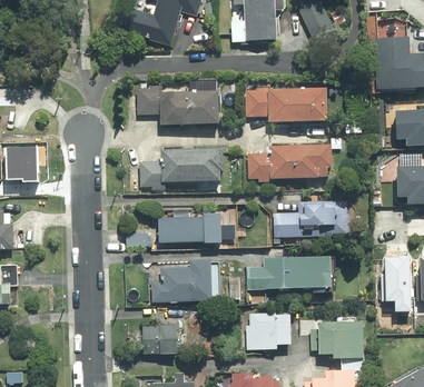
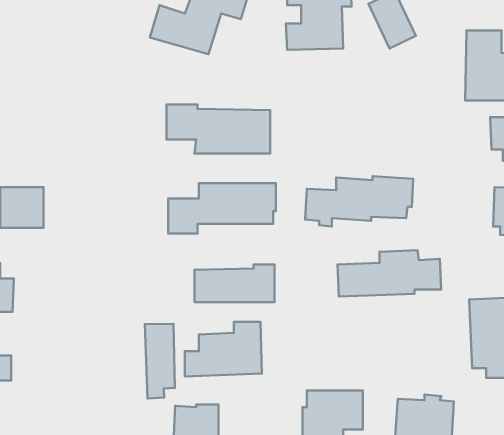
building: [246,88,329,121] -> none
building: [247,256,333,291] -> none
building: none -> [145,324,175,399]

